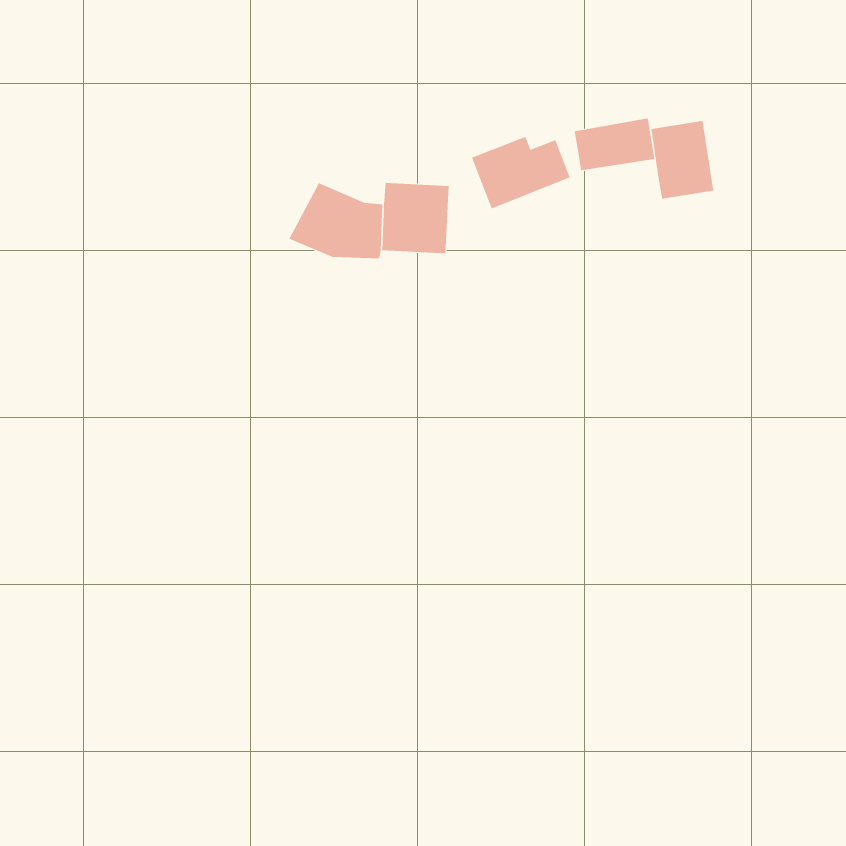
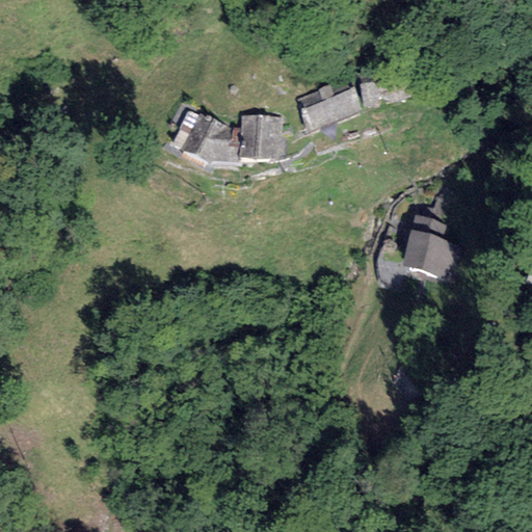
building: [651,120,714,199] -> none
building: none -> [401,212,466,278]

